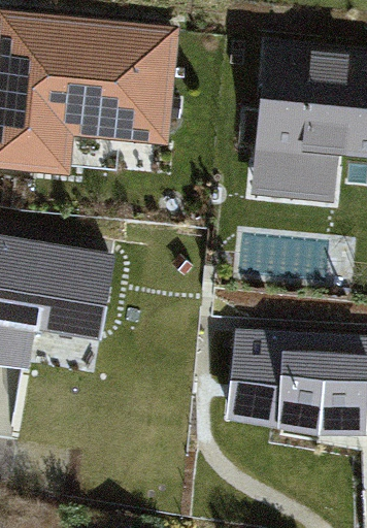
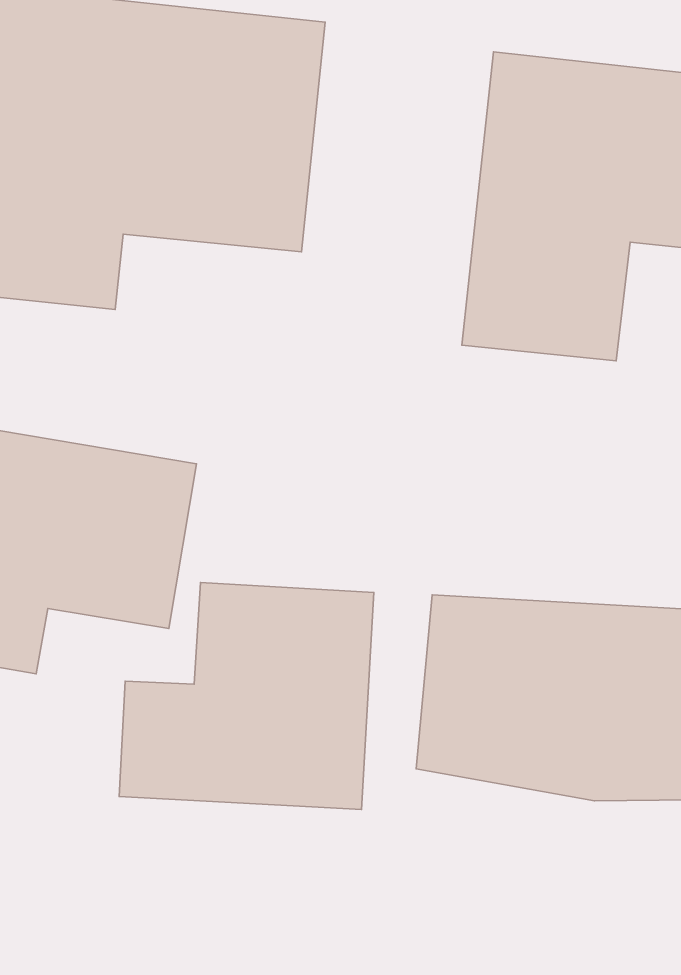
building: none -> [119,583,374,810]

